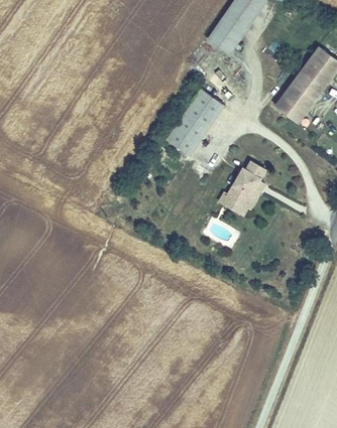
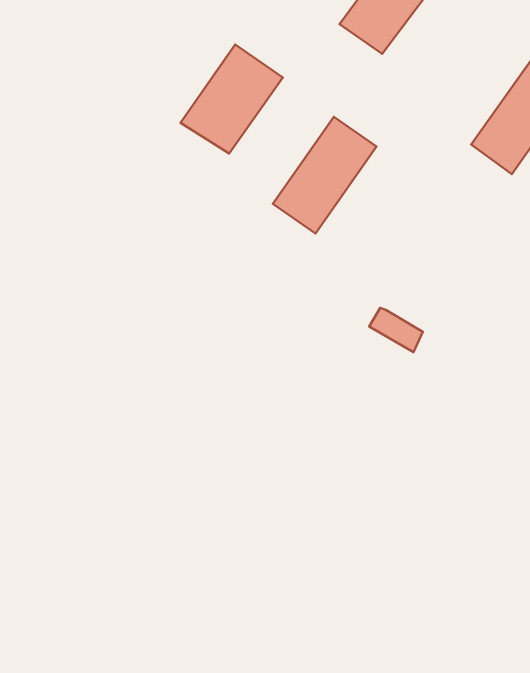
building: none -> [180,45,283,153]
building: [230,161,266,205] -> none

